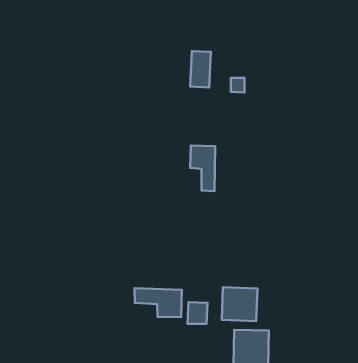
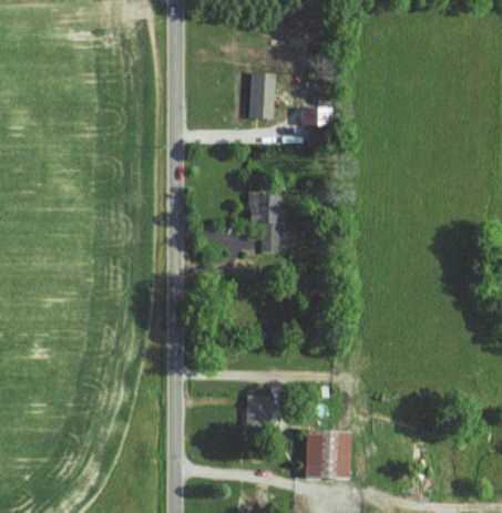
building: [222,287,257,321] -> none
building: [135,288,182,317] -> none

